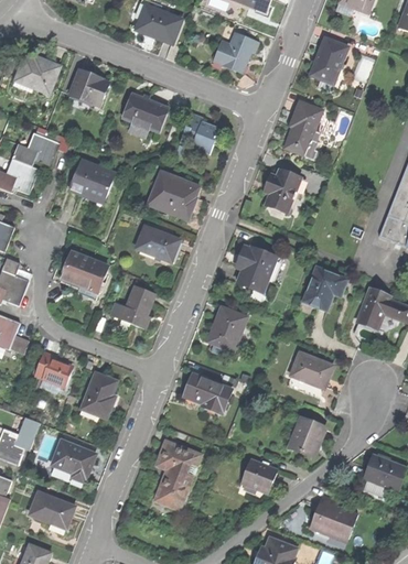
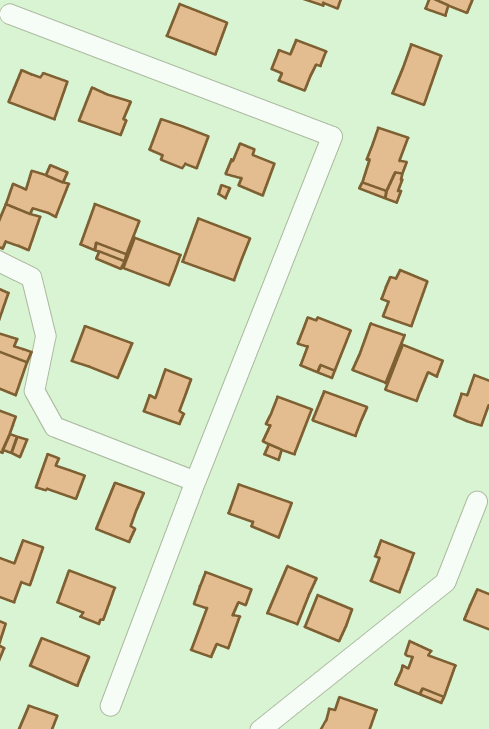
building: [264,169,299,212] -> [381,270,427,326]
building: [136,225,180,261] -> [123,238,181,285]
building: none -> [353,323,405,383]
building: [290,352,332,387] -> [313,391,367,436]
building: none -> [267,566,316,624]

